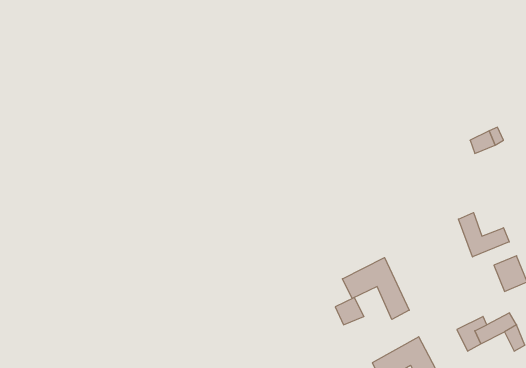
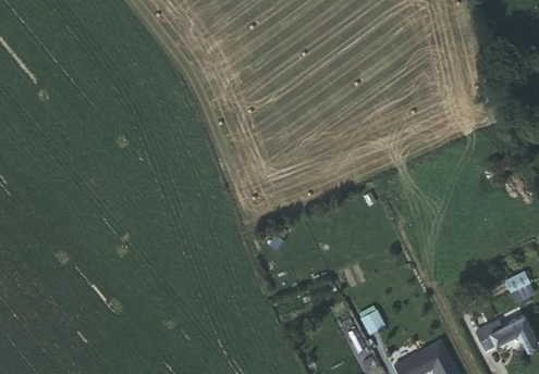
building: [458,213,509,257] -> none
building: [342,258,409,319] -> none

